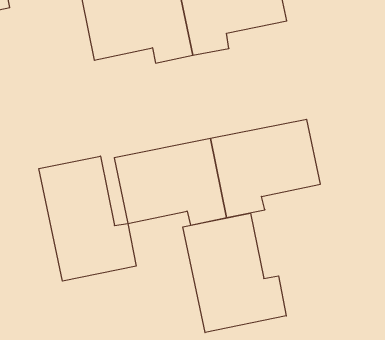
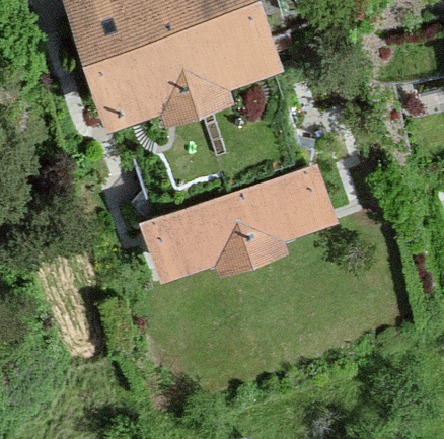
building: [39,156,136,281] -> none
building: [183,213,286,333] -> none

